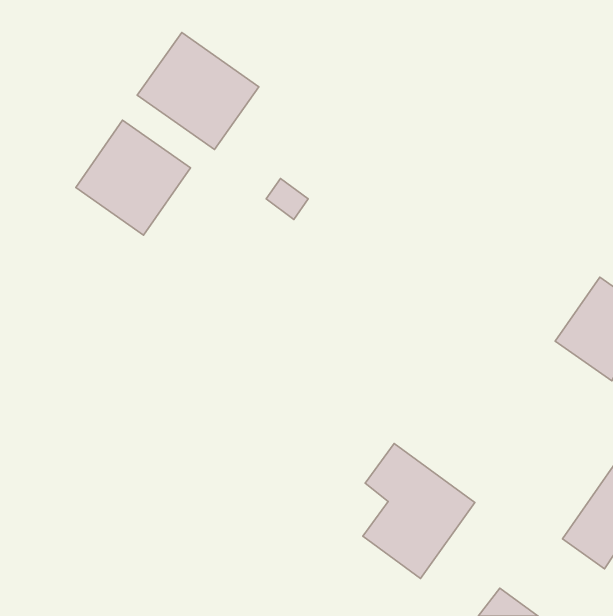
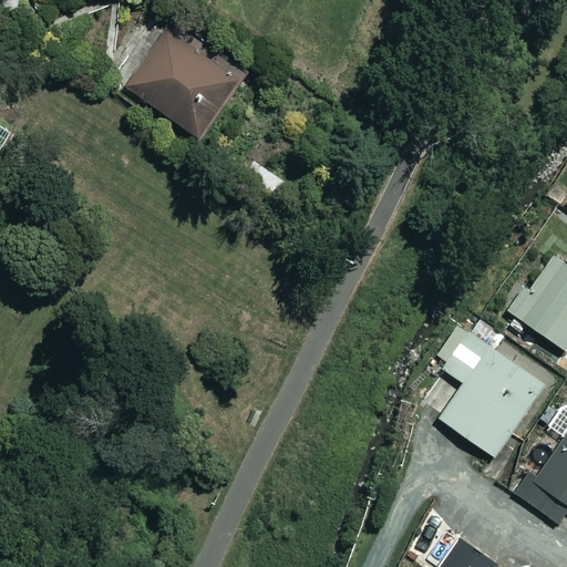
building: [76,120,190,235] -> none
building: [363,443,475,579] -> [440,333,543,457]

